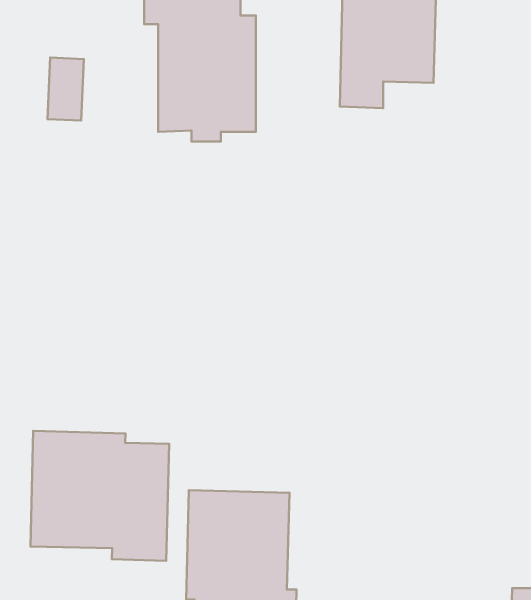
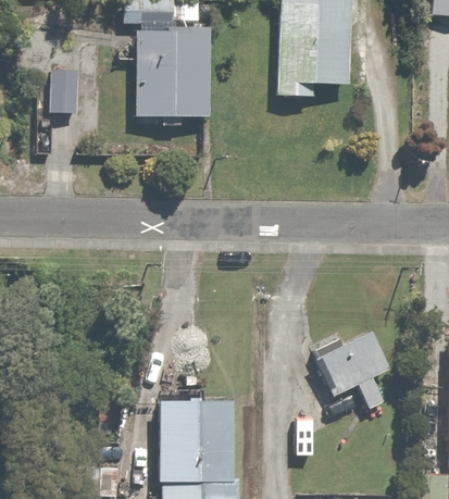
building: none -> [309,330,388,409]
building: [30,431,169,561] -> none

